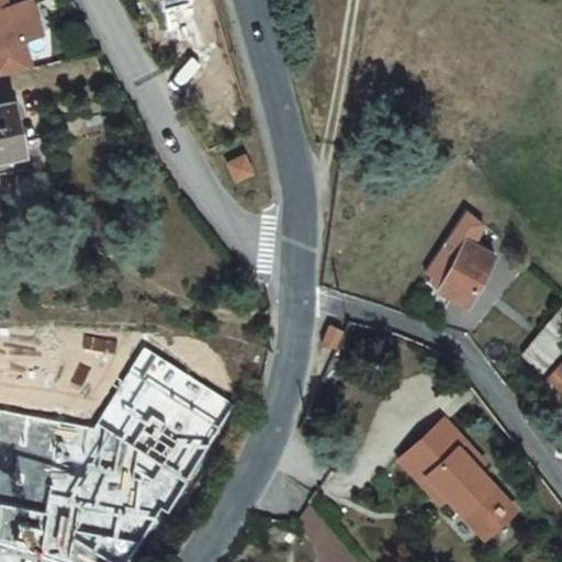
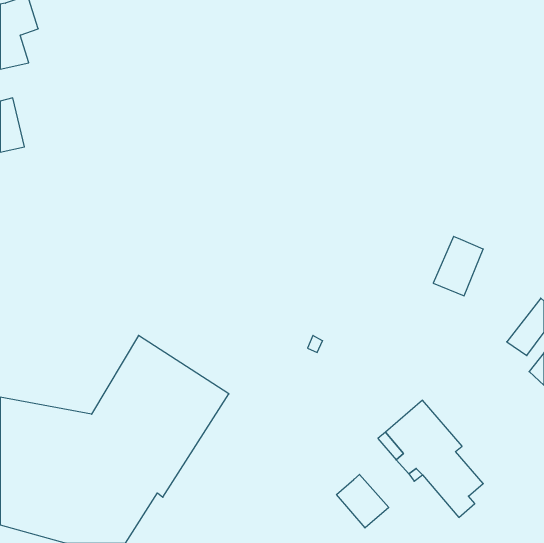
building: [422,212,488,292] -> none
building: none -> [337,474,389,528]

